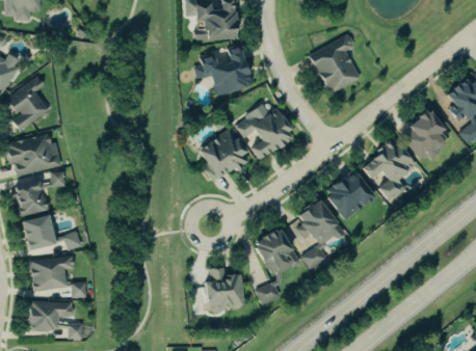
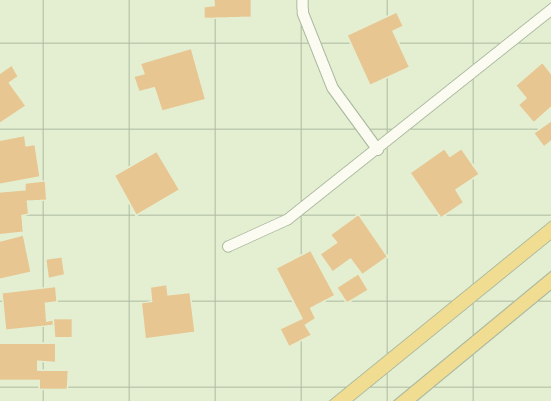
building: [193,45,252,96] -> [134,48,206,111]
building: [238,109,294,160] -> none
building: [402,109,451,161] -> none
building: [196,130,249,182] -> [114,151,180,215]
building: [322,169,374,221] -> none
building: [203,268,246,312] -> [141,285,195,339]

